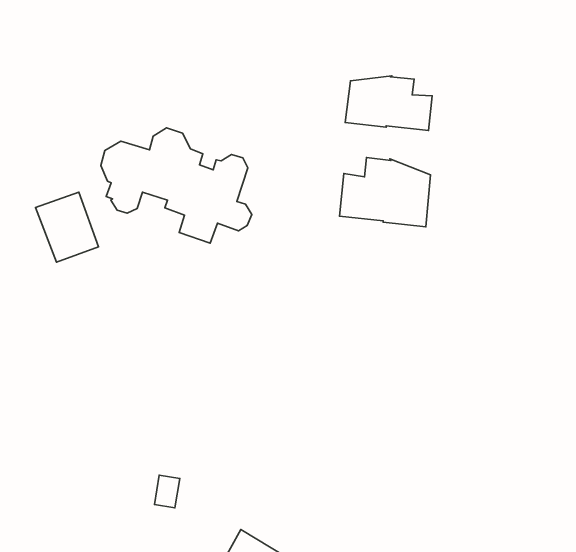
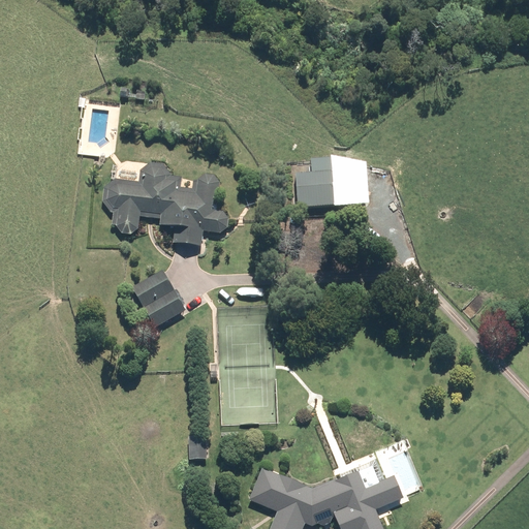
building: [345,76,432,130] -> none
building: [35,192,98,262] -> [131,270,186,328]

